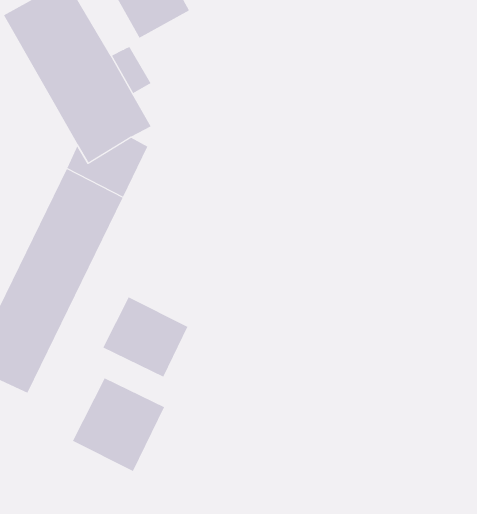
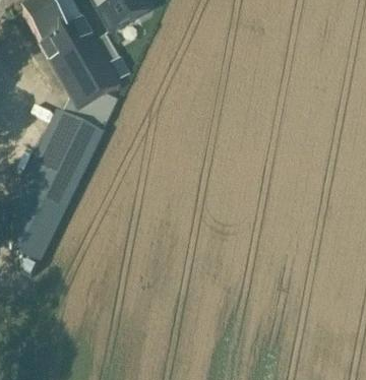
building: [103,297,188,378] -> none
building: [72,377,165,472] -> none

